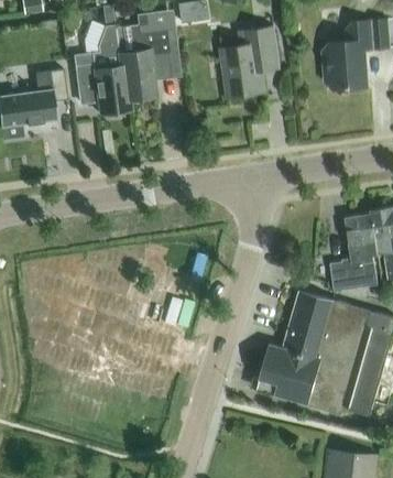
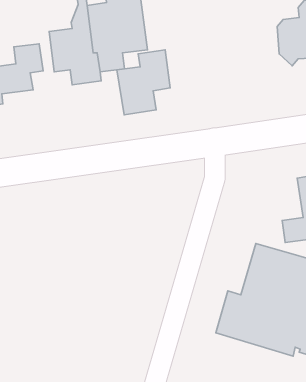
building: [220,26,279,98] -> [117,50,170,115]

